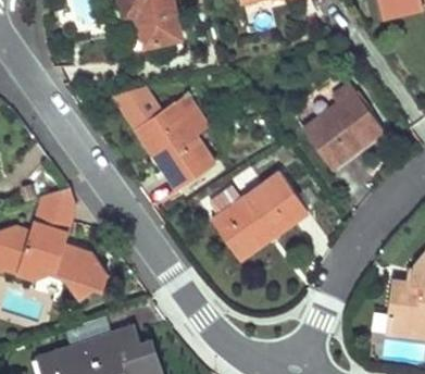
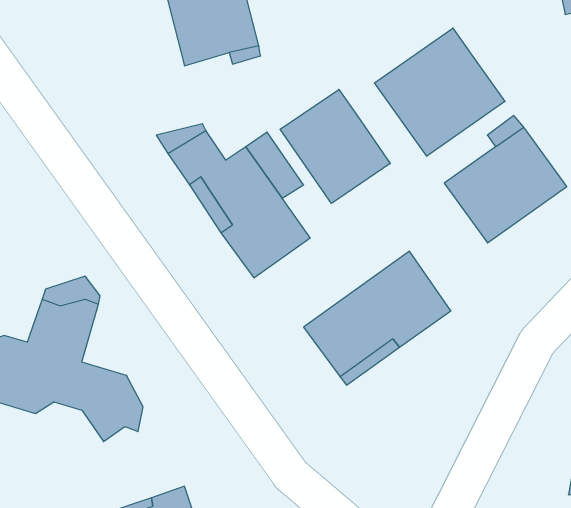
building: none -> [375,28,505,156]
building: none -> [280,89,390,203]

